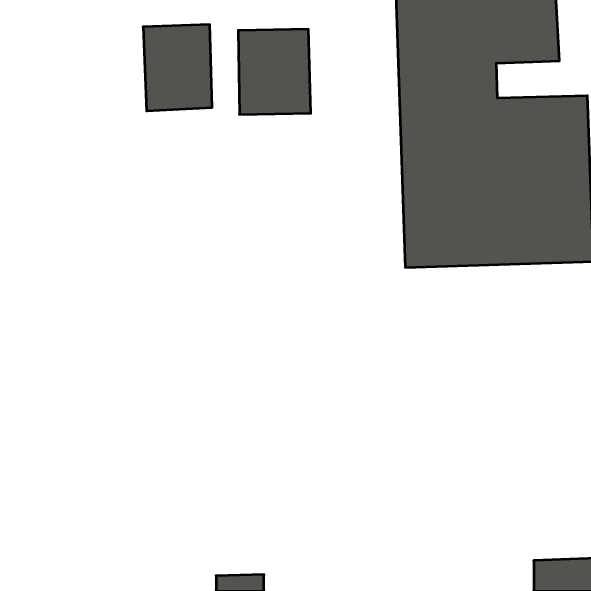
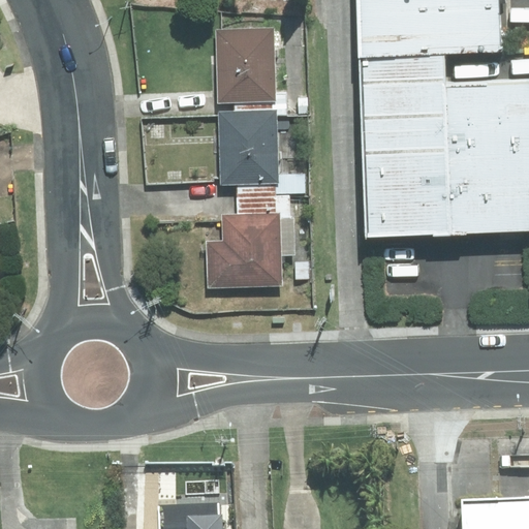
building: [143,25,212,111] -> [219,110,280,186]
building: none -> [208,211,287,287]

